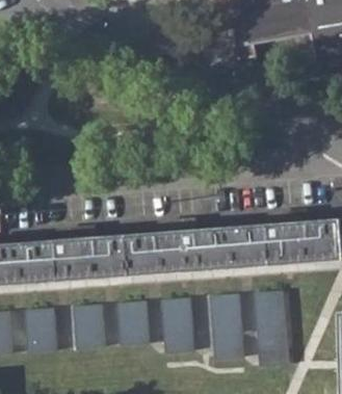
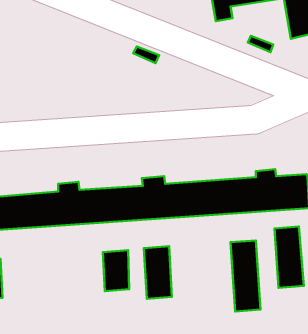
building: [212,295,243,361] -> [275,227,304,288]
building: [74,306,103,349] -> none
building: [26,309,56,352] -> none

